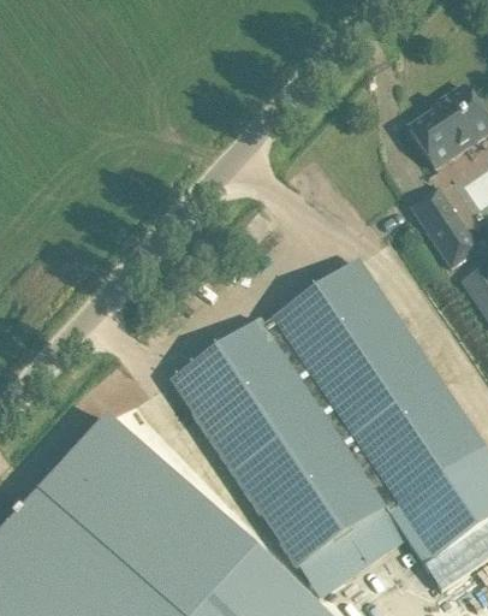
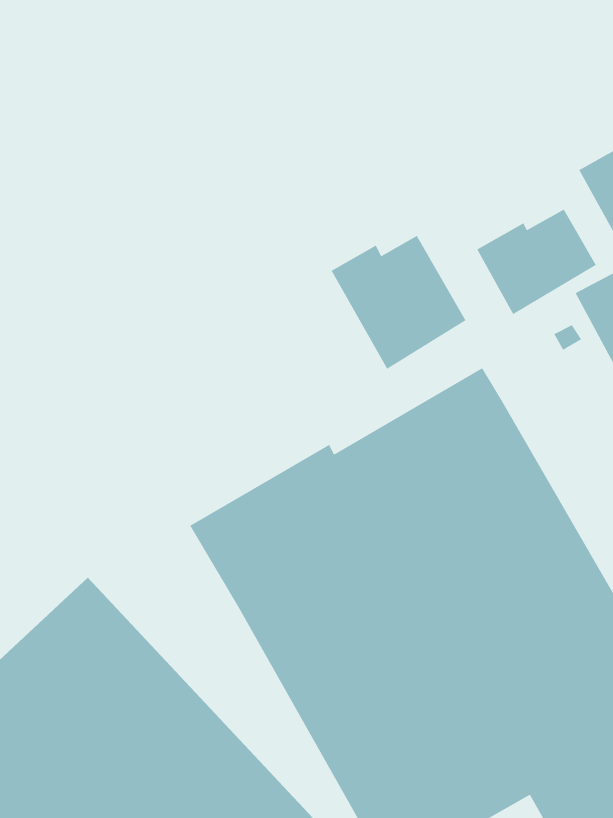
building: none -> [476,208,597,315]
building: none -> [331,235,467,370]

